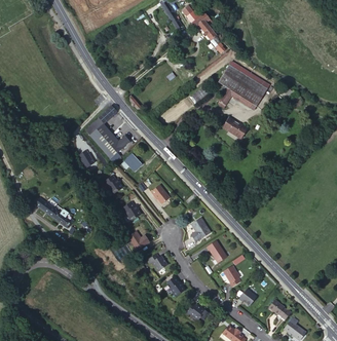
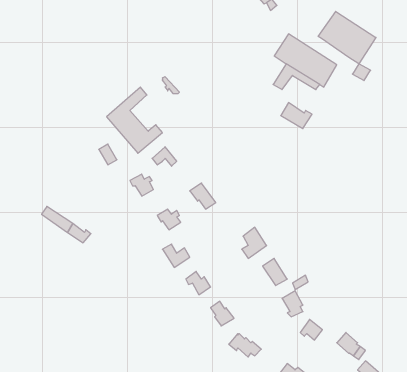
building: none -> [318,11,376,64]

